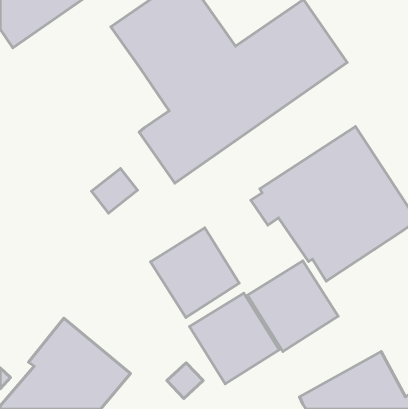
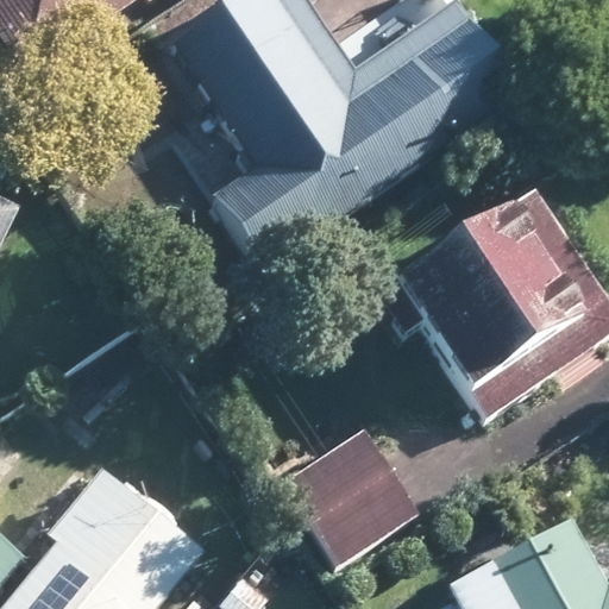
building: [151,228,239,317] -> none
building: [248,261,338,351] -> none

